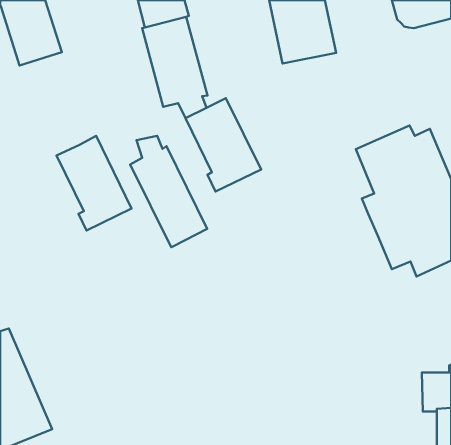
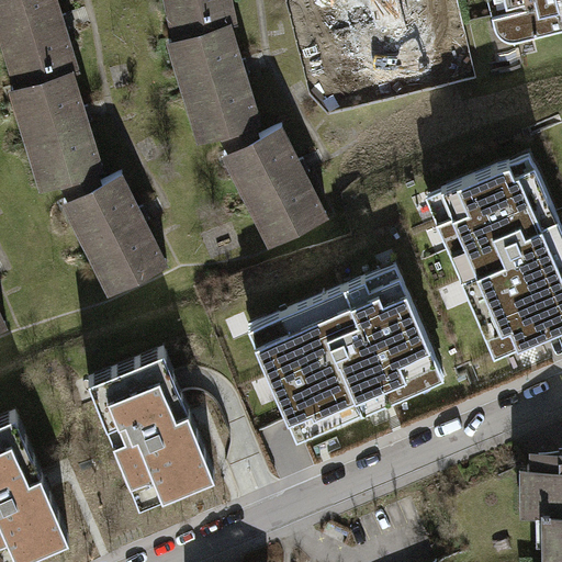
building: none -> [18,75,101,201]
building: [130,136,207,247] -> none
building: none -> [256,280,437,445]
building: none -> [85,352,211,508]

